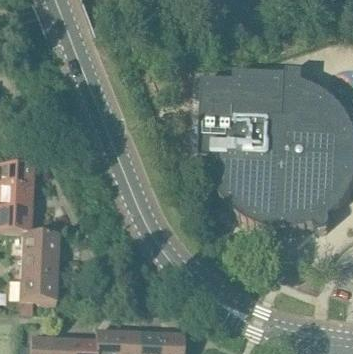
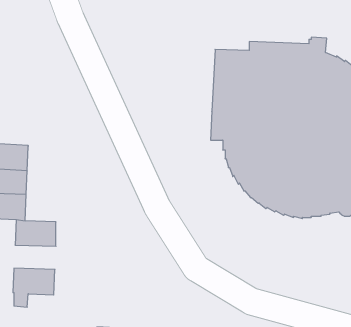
building: [20,255,58,277] -> none

